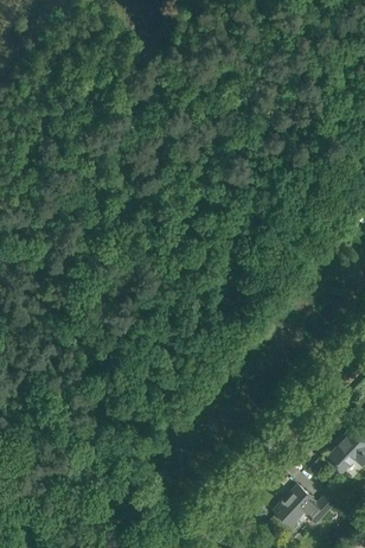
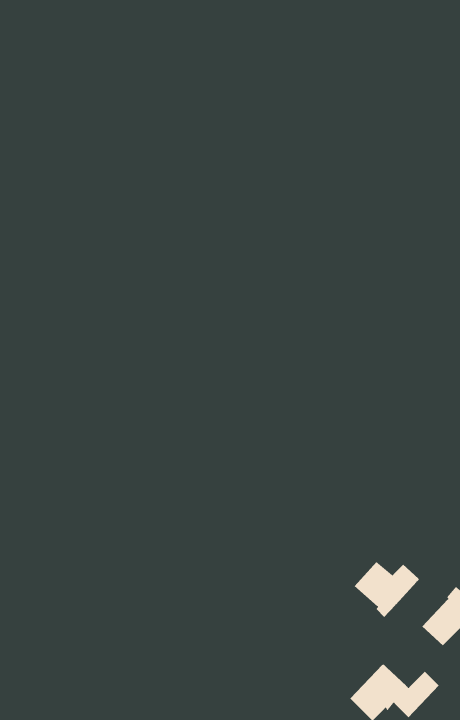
building: none -> [354,561,421,618]

